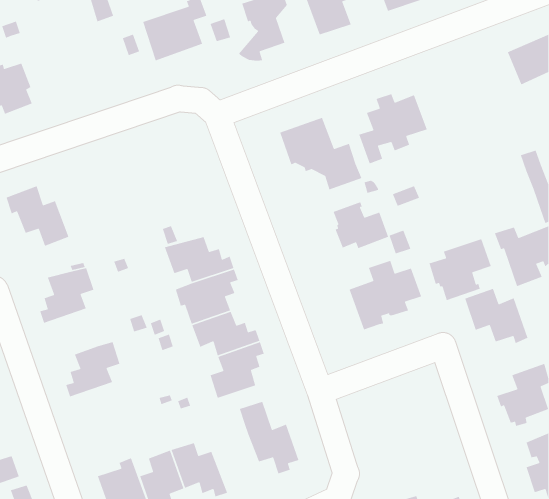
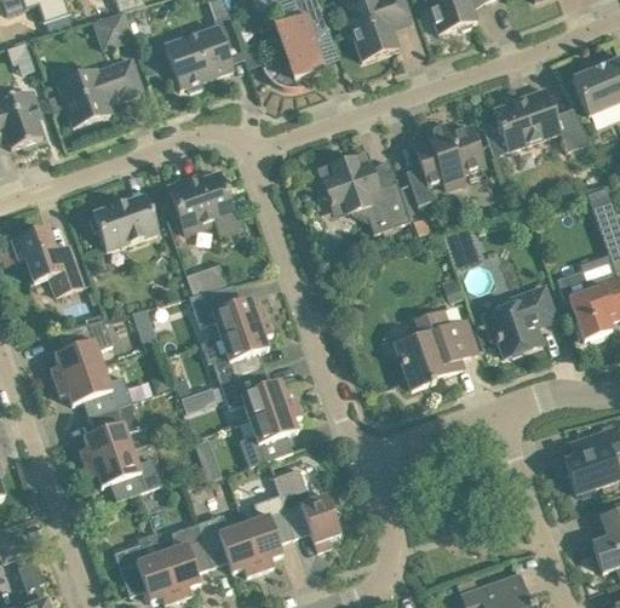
building: none -> [57,59,142,127]
building: none -> [482,88,590,156]
building: none -> [168,173,239,236]
building: none -> [90,194,159,251]
building: [332,201,389,249] -> none
building: [464,288,528,344] -> none
building: none -> [54,366,132,417]
building: none -> [84,448,161,500]
building: none -> [242,495,294,572]

